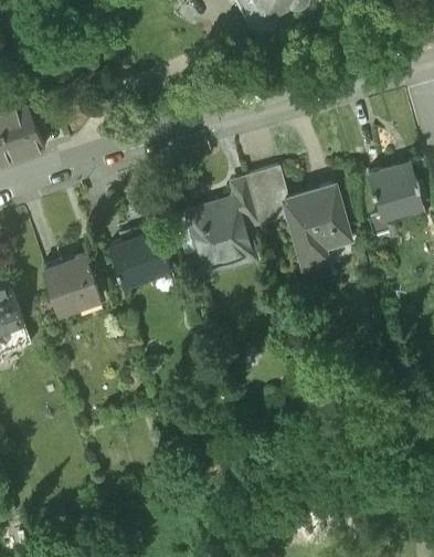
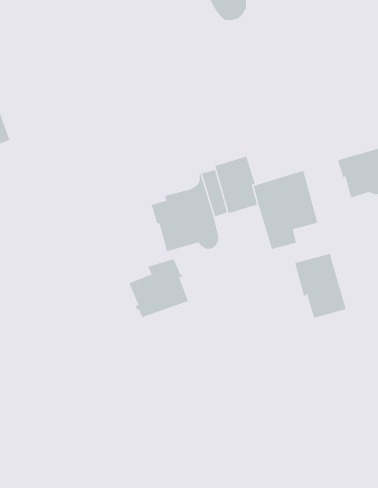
building: [109,227,169,285] -> [128,259,189,318]
building: [42,260,99,317] -> none
building: none -> [295,253,347,319]

